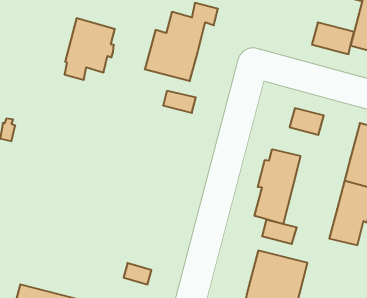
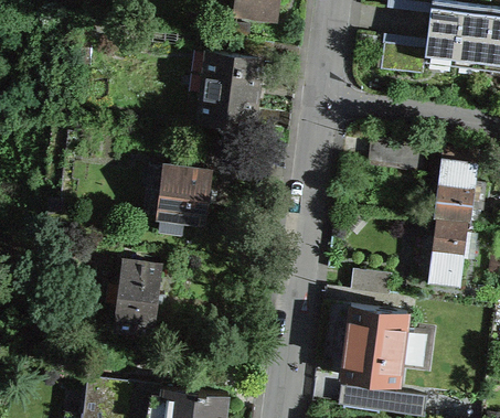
building: [64,18,115,80] -> [159,167,211,234]
building: [255,149,300,224] -> none
building: none -> [114,261,161,335]

